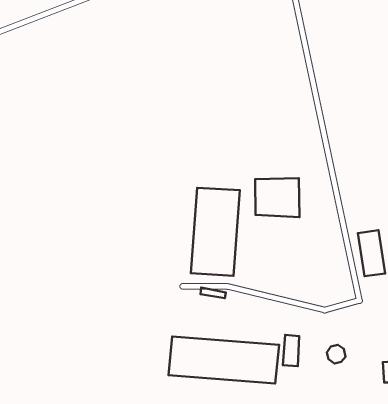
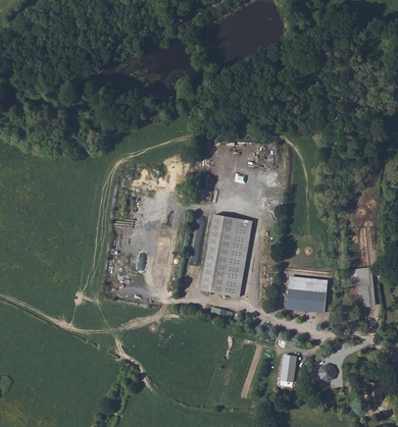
building: [255,178,299,217] -> [286,276,327,313]
building: [168,337,279,384] -> none

